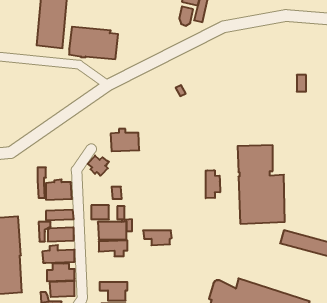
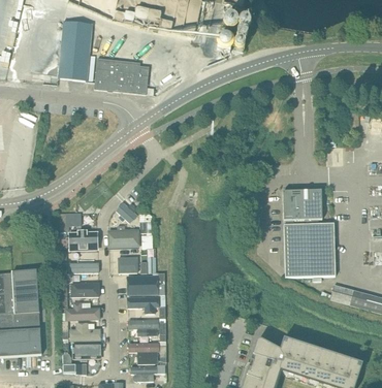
building: [111,129,139,151] -> [107,224,139,249]
building: [206,170,220,198] -> none
building: [143,230,172,245] -> [127,319,159,335]

